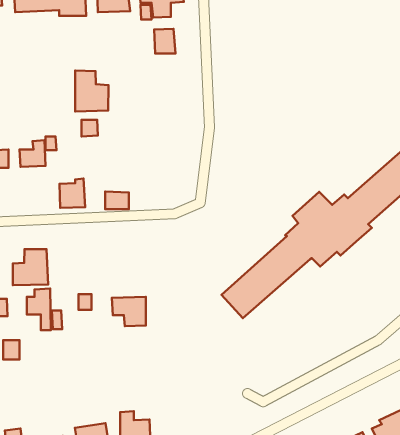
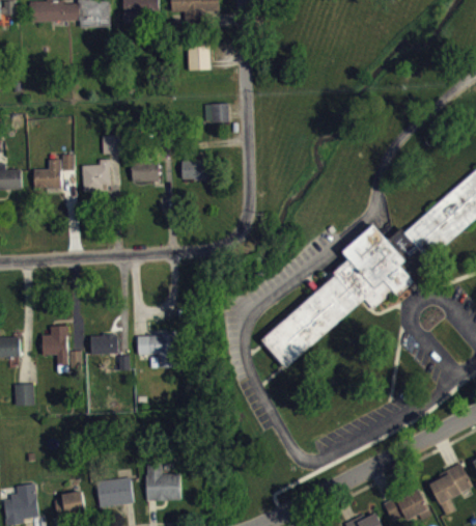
building: [75,70,109,111] -> none
building: none -> [203,106,230,124]
building: none -> [183,162,211,183]
building: [59,178,85,208] -> [83,161,112,194]
building: [105,192,129,209] -> [133,164,160,184]
building: [13,249,48,285] -> none

